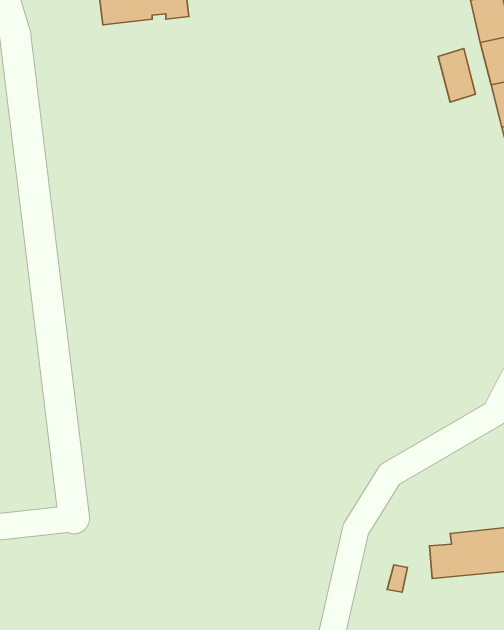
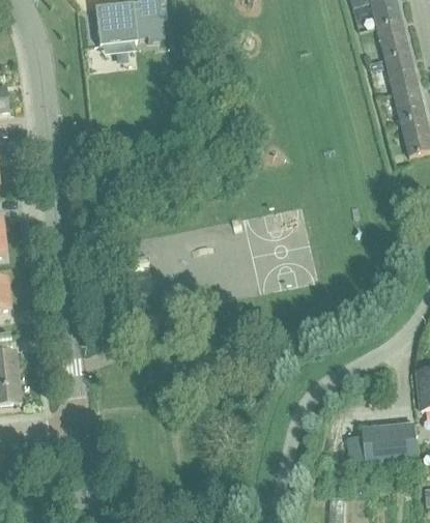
building: [438,49,476,102] -> none

